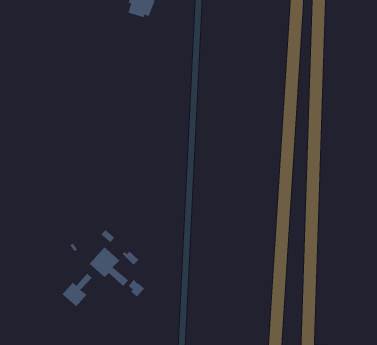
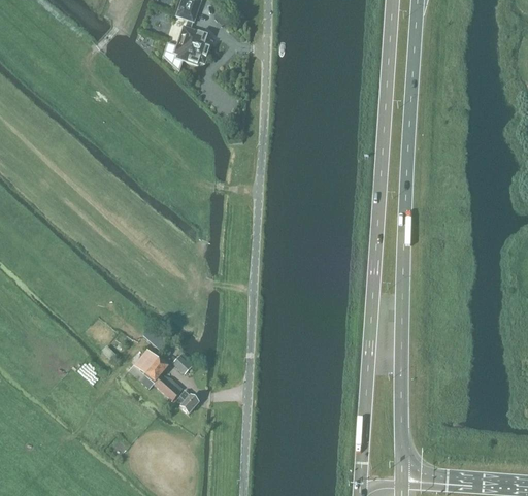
building: [61,273,93,307] -> none

